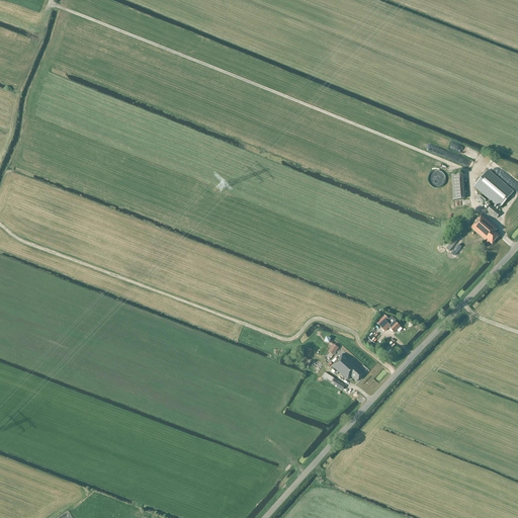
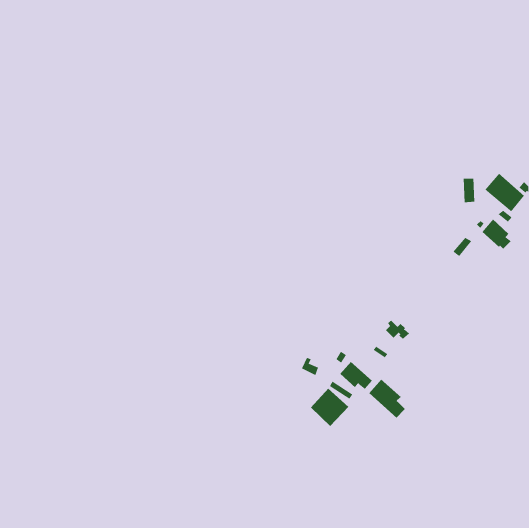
building: none -> [369,379,405,418]
building: none -> [310,388,349,427]

